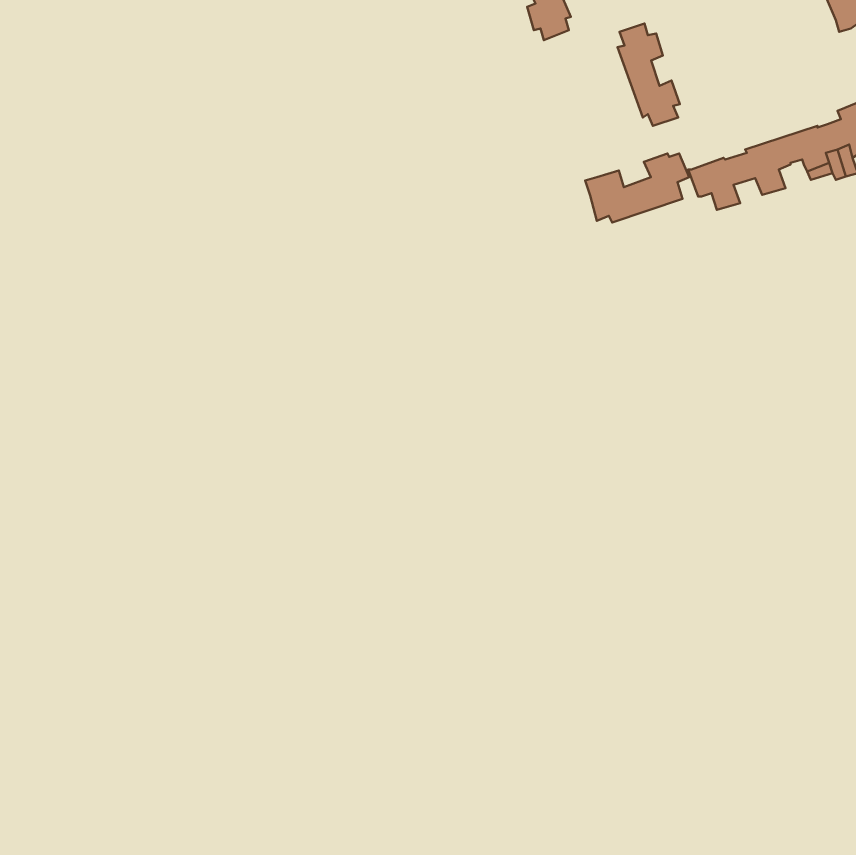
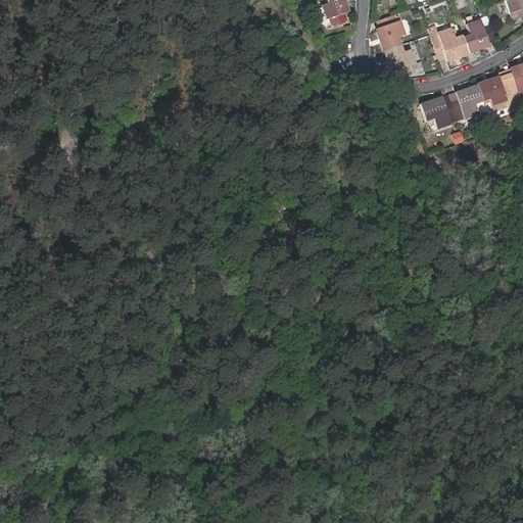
building: [585,154,689,222] -> [431,18,494,60]

